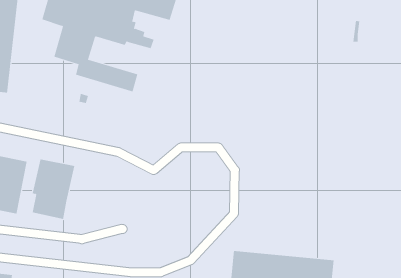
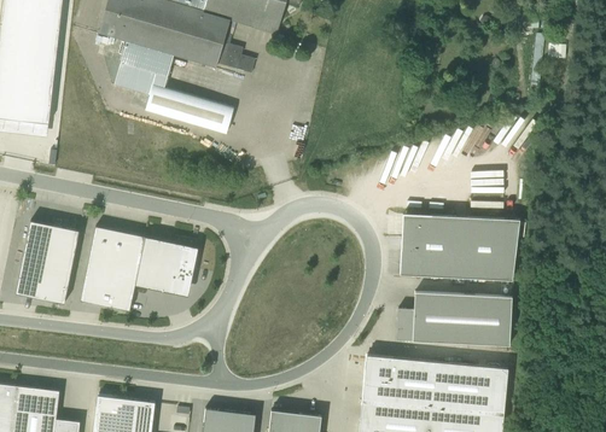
building: none -> [400,214,519,280]
building: none -> [134,237,198,294]
building: none -> [396,292,511,345]

